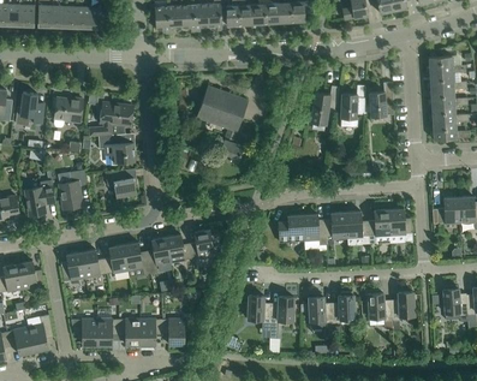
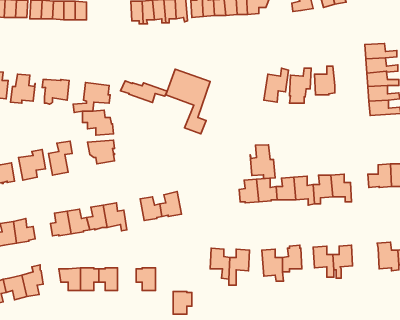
building: none -> [121,81,167,103]
building: none -> [250,145,275,179]
building: [147,237,171,273] -> none
building: [139,317,161,344] -> [173,292,192,314]

